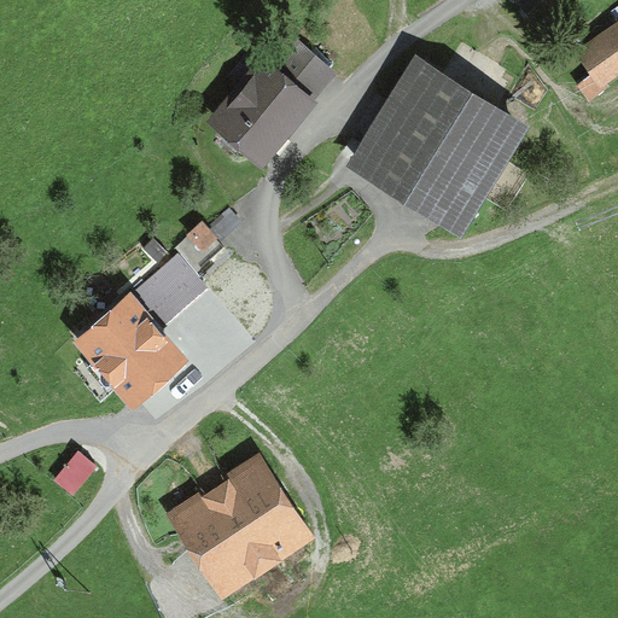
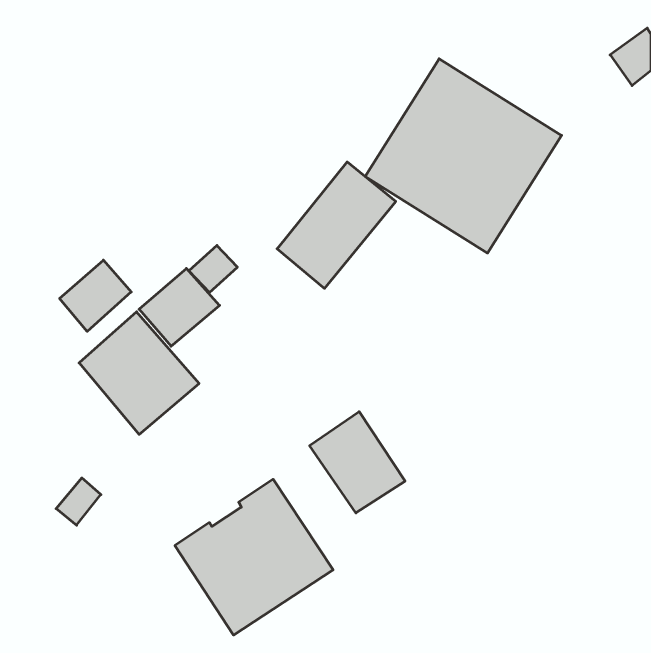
building: [214,30,326,150] -> [277,162,396,288]
building: none -> [60,260,131,331]
building: none -> [310,412,405,513]

